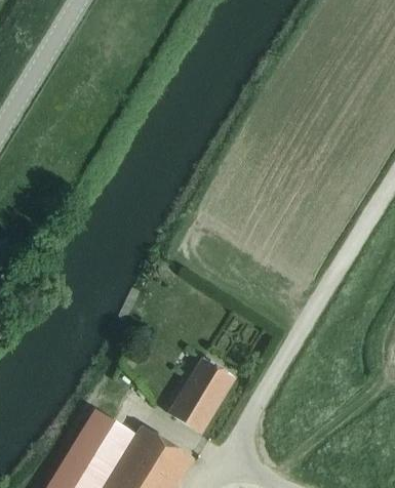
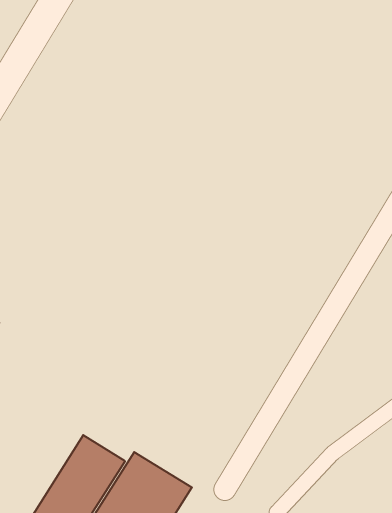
building: [167,360,233,435] -> none

